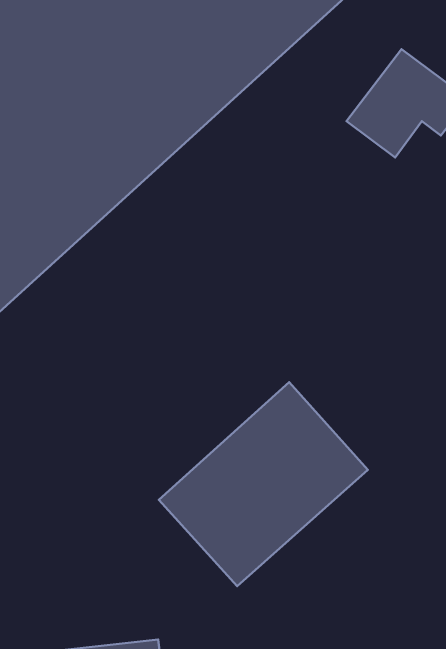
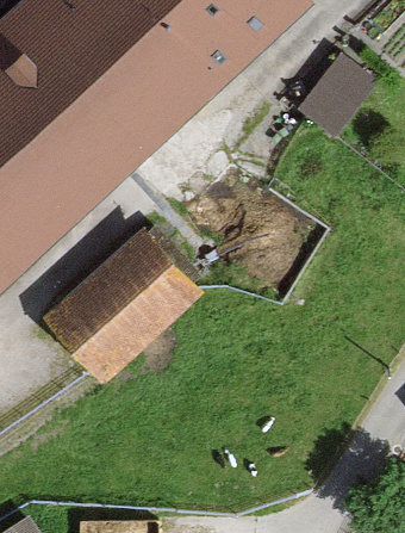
building: [159,382,368,586] -> [46,228,205,383]

